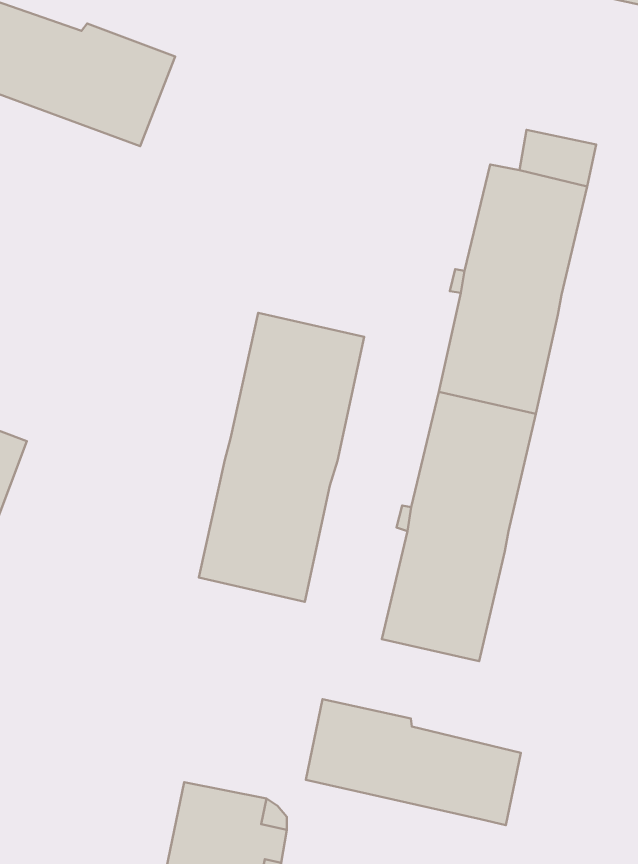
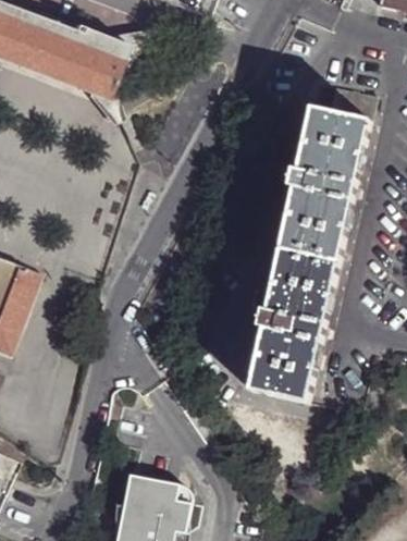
building: [199,313,364,602] -> none
building: [306,699,521,825] -> none

